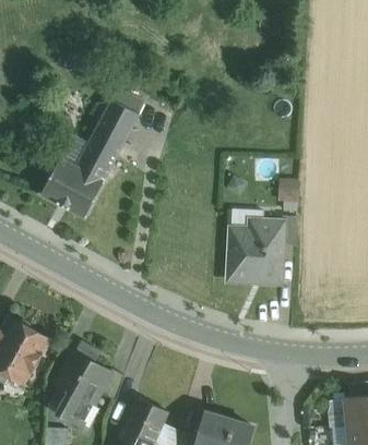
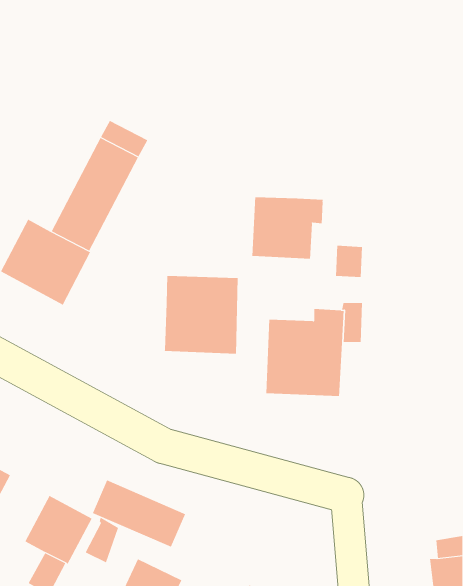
building: none -> [252,196,323,259]
building: none -> [163,275,238,355]
building: none -> [92,480,186,548]

